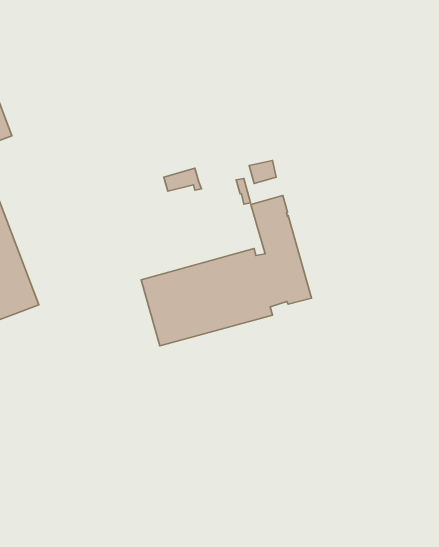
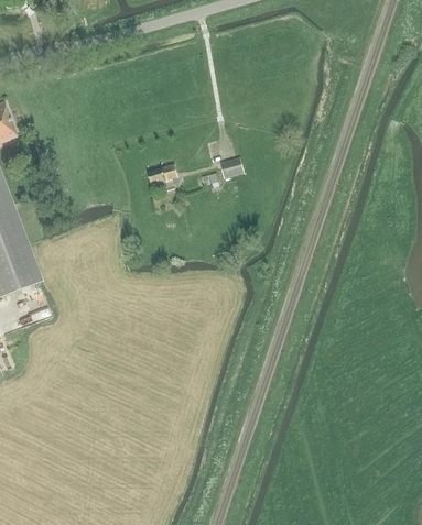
building: [141,195,312,346] -> none

